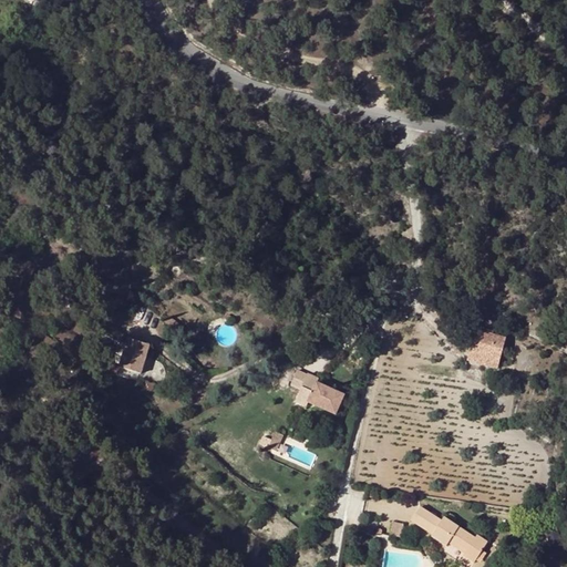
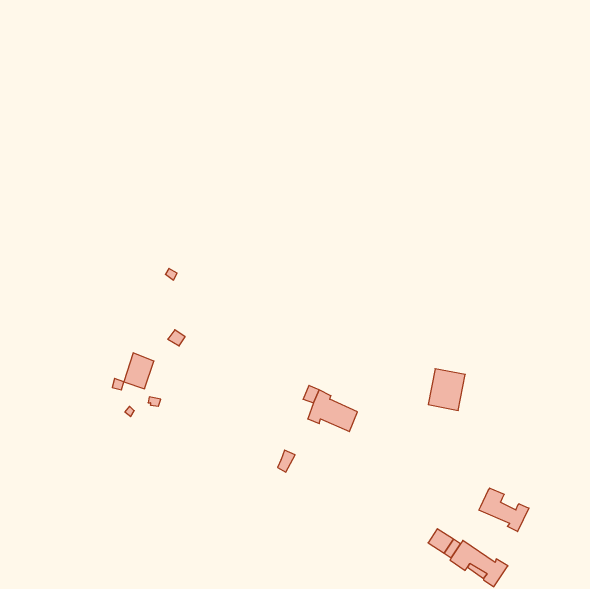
building: [472,327,507,367] -> [428,369,465,410]
building: none -> [479,488,529,532]

